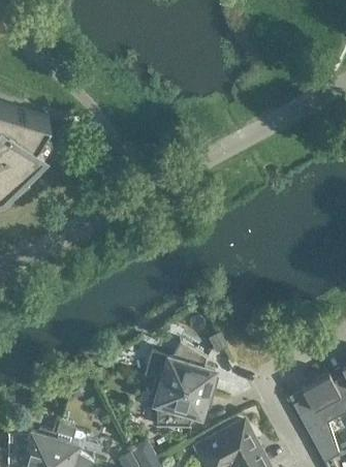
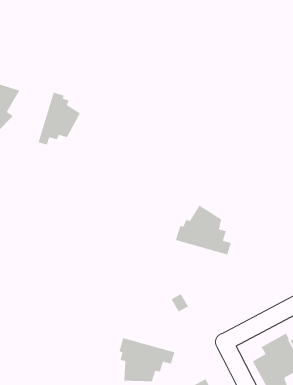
building: none -> [37,92,82,146]
building: [159,342,219,397] -> [175,203,232,255]

